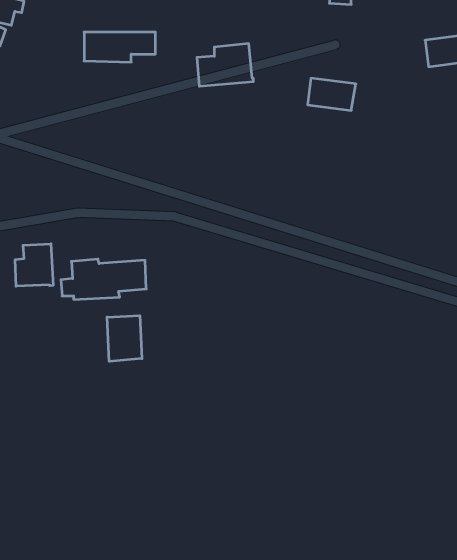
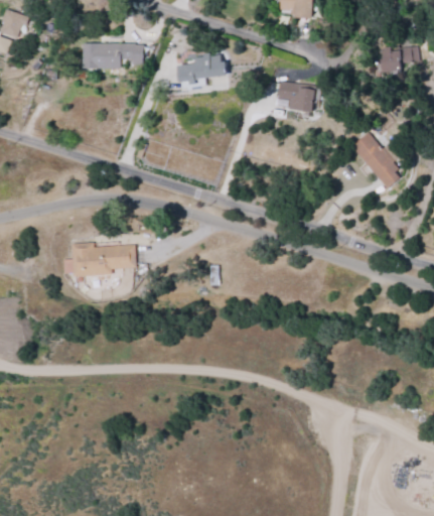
building: none -> [349,132,402,189]
building: [15,244,53,286] -> none
building: [107,316,142,361] -> none

